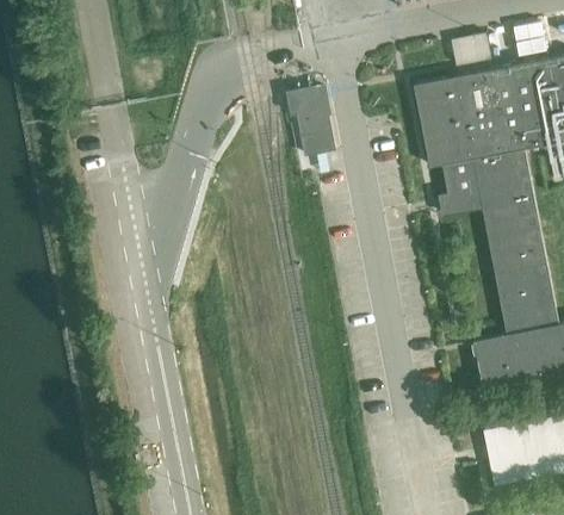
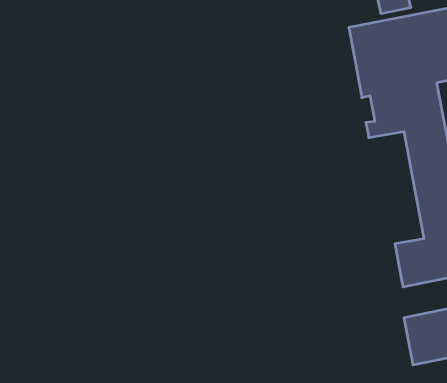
building: [287,88,336,156] -> none

